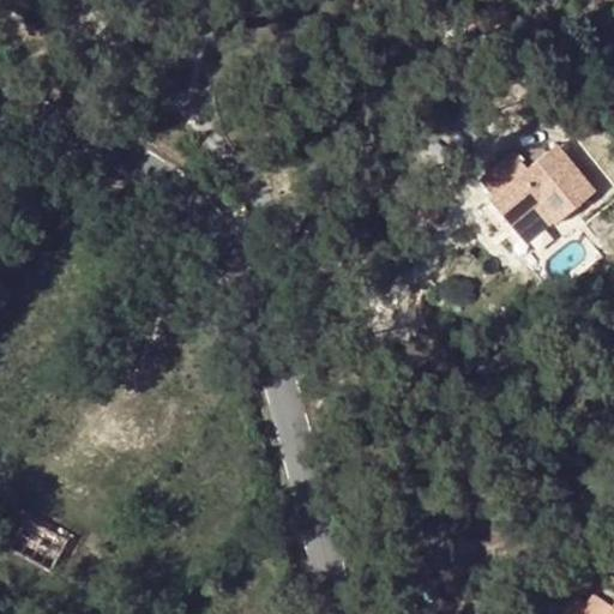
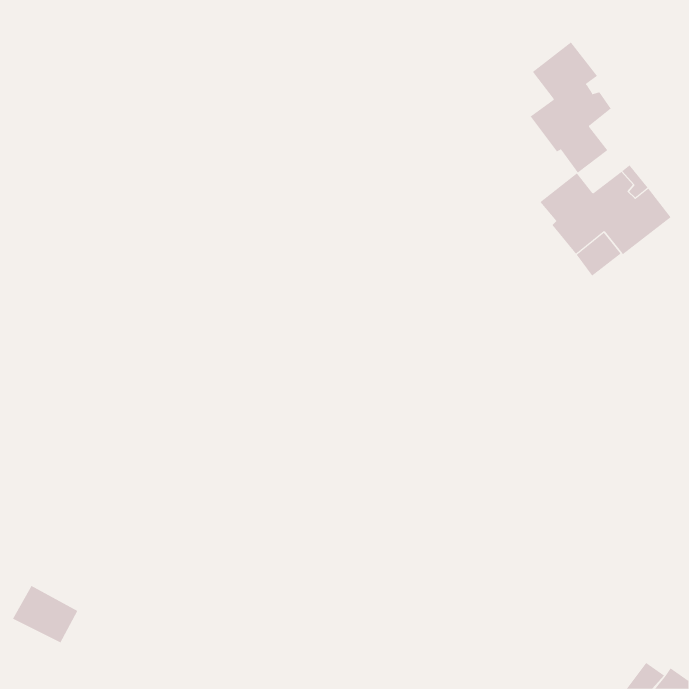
building: none -> [530,42,612,174]

